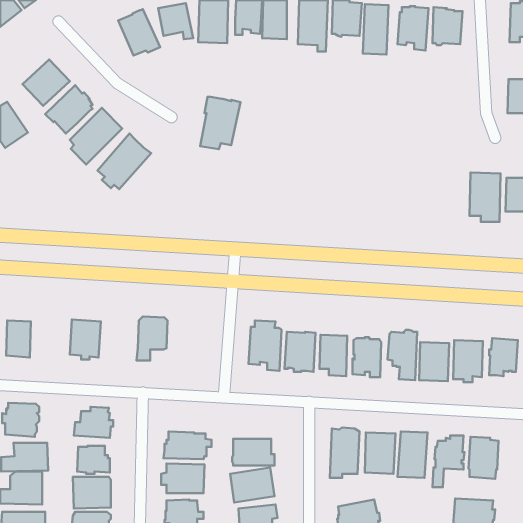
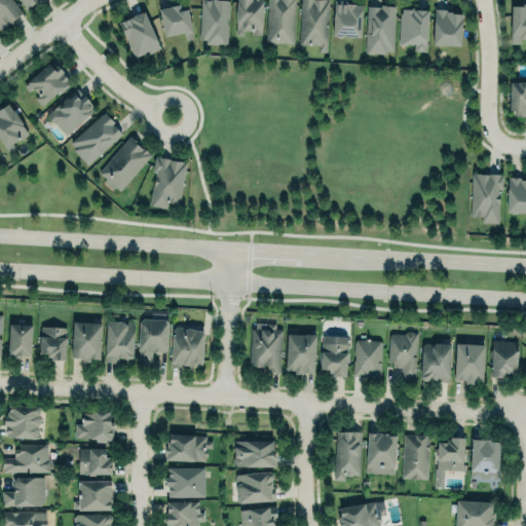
building: [200,97,240,149] -> [149,157,189,210]
building: none -> [104,318,134,363]
building: none -> [36,325,67,362]
building: none -> [172,327,204,368]

